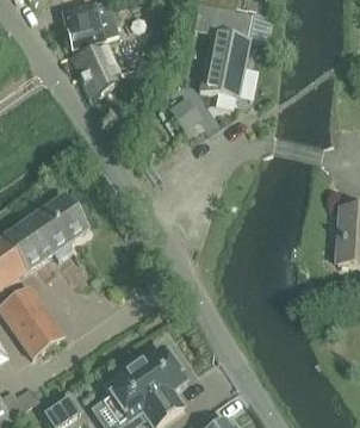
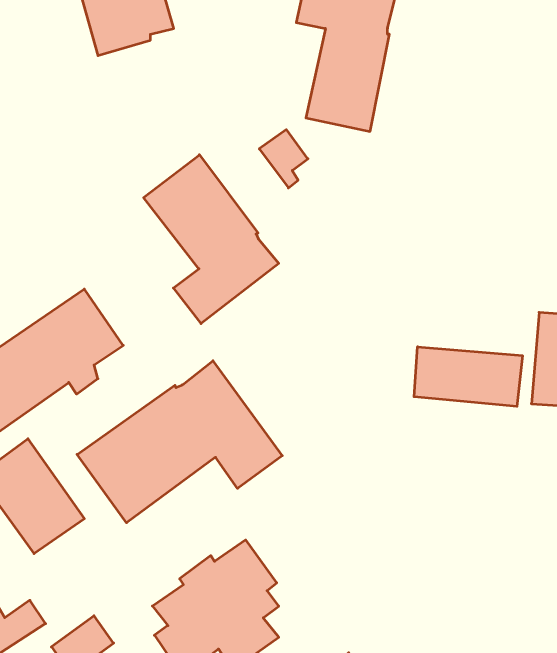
building: [70,45,122,103] -> none
building: none -> [144,155,279,324]
building: none -> [414,347,522,406]
building: none -> [77,361,282,523]

